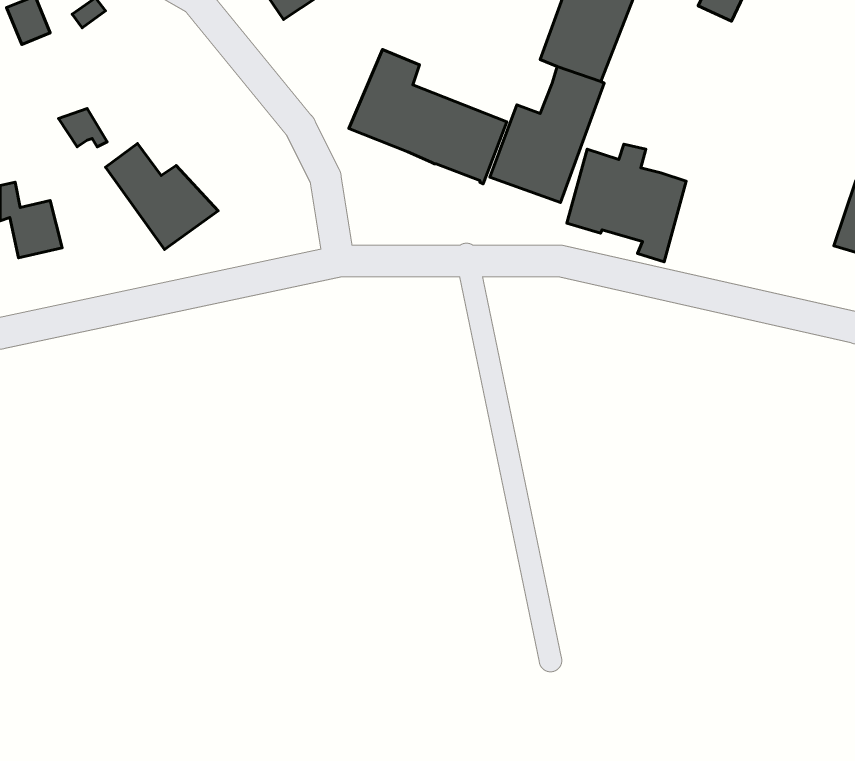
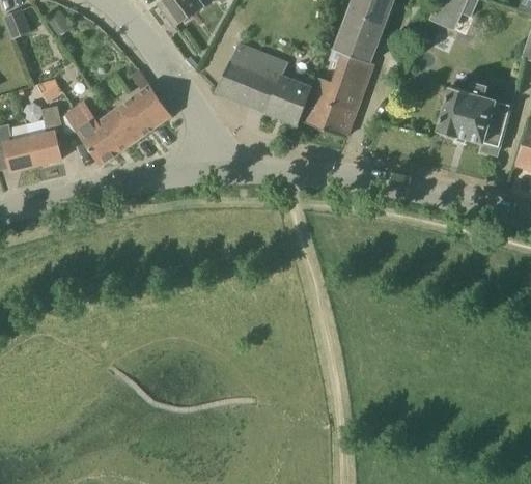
building: none -> [109,85,169,142]
building: [567,144,686,262] -> [438,83,511,155]
building: none -> [29,107,63,165]

